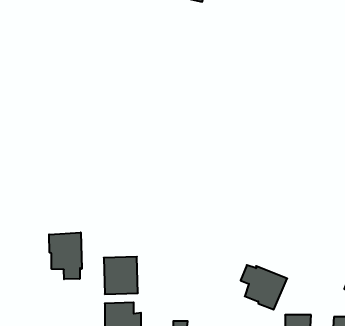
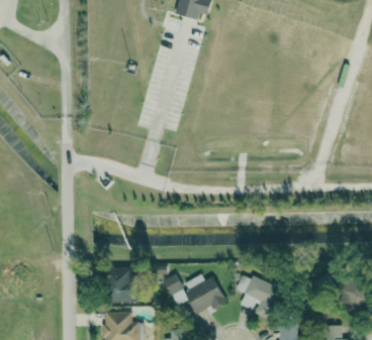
building: [49,232,82,279] -> none
building: none -> [164,272,225,314]

